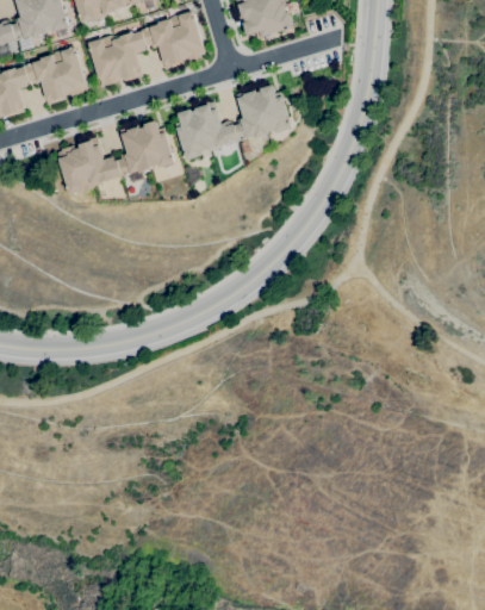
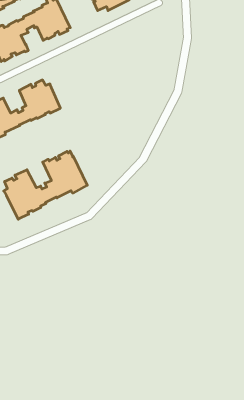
building: [176,85,292,160] -> none
building: none -> [4,151,87,219]

